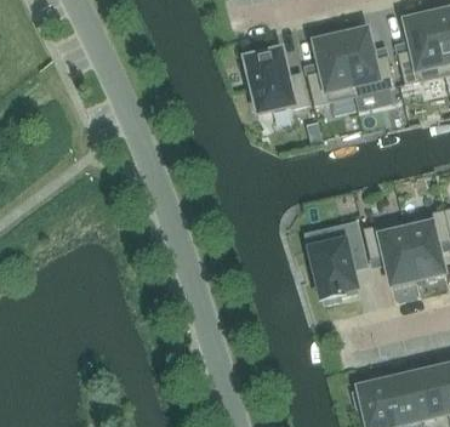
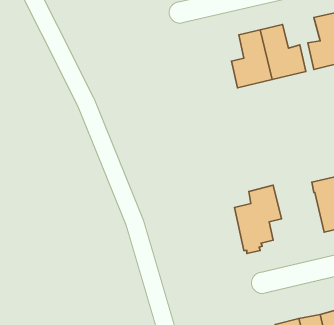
building: [245,50,308,112] -> none
building: [361,224,416,284] -> none

